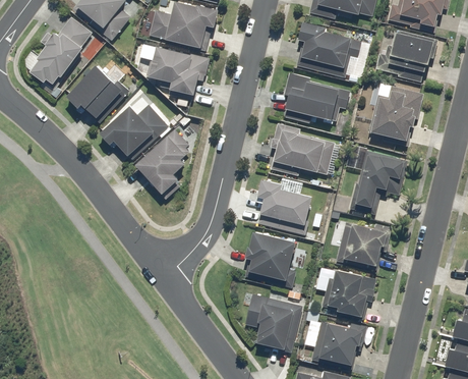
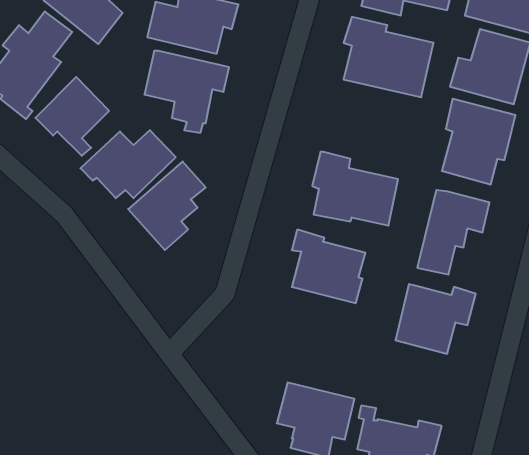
building: [281,70,351,125] -> none
building: [245,230,301,288] -> none
building: [321,269,367,320] -> none

